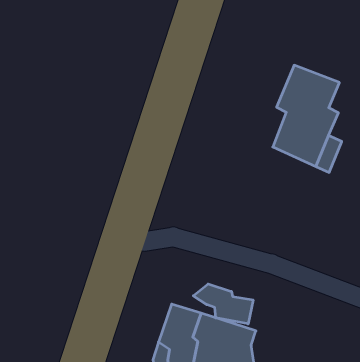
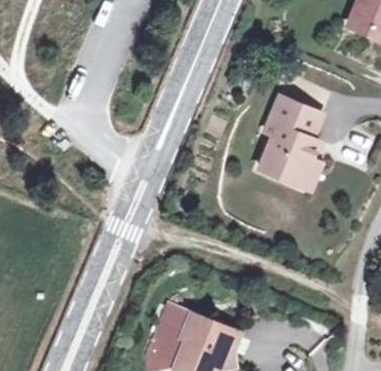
building: [193,284,253,324] -> none

